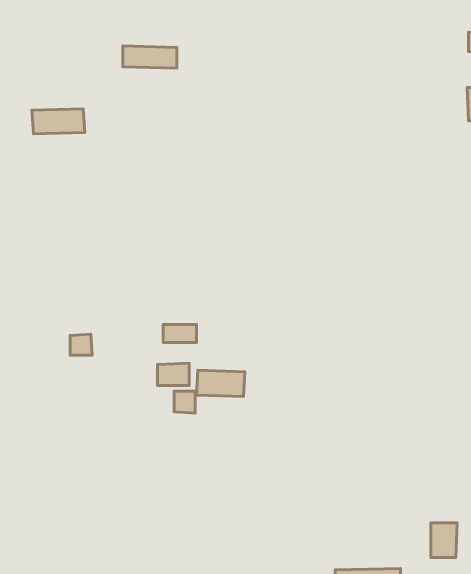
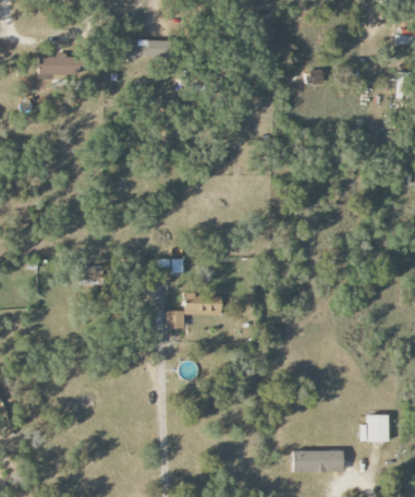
building: [32,109,85,134] -> [38,54,80,74]
building: [157,363,189,386] -> none

